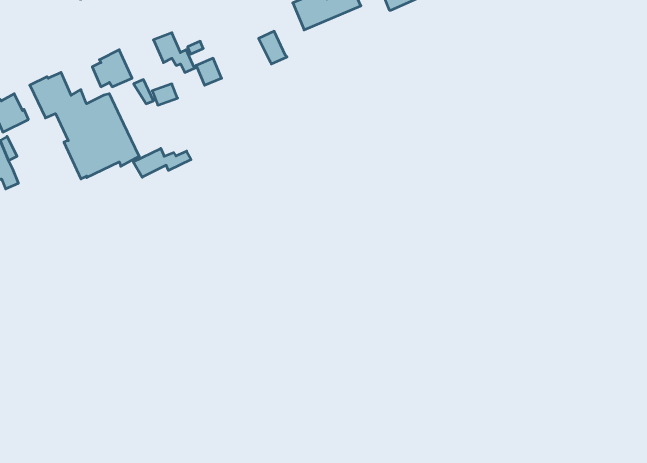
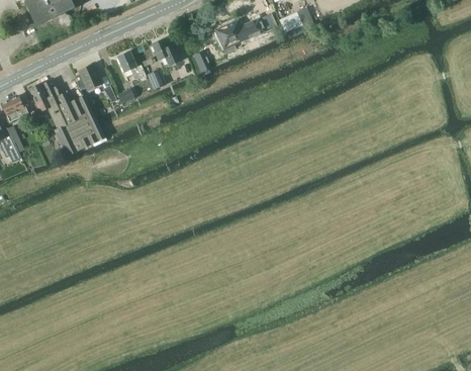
building: none -> [152,39,182,67]
building: [133,148,191,177] -> none

